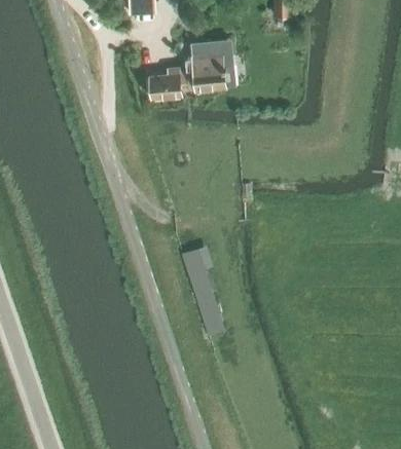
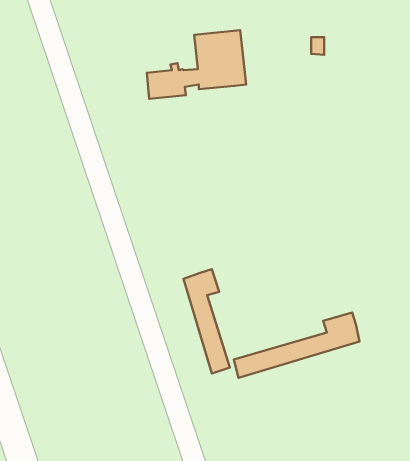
building: none -> [234,312,360,378]

